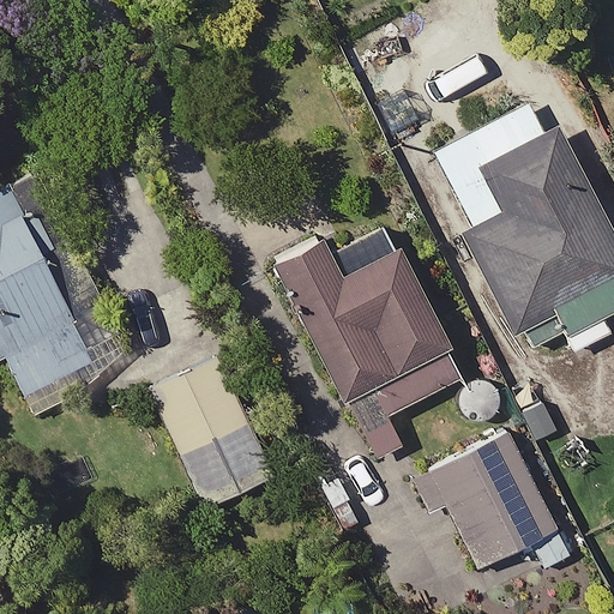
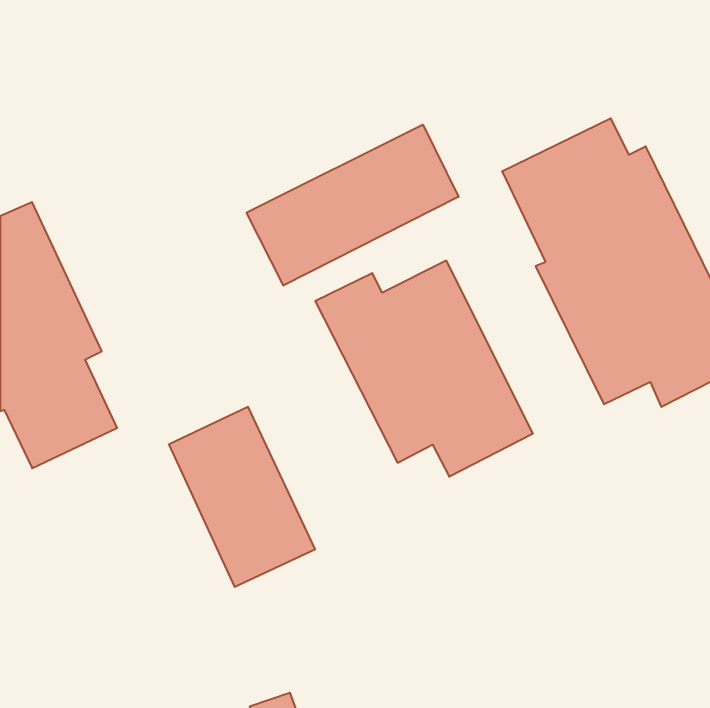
building: none -> [247,125,459,286]
building: [415,435,572,570] -> none

